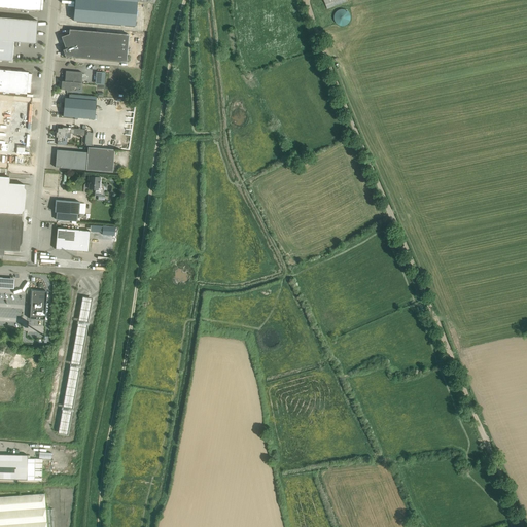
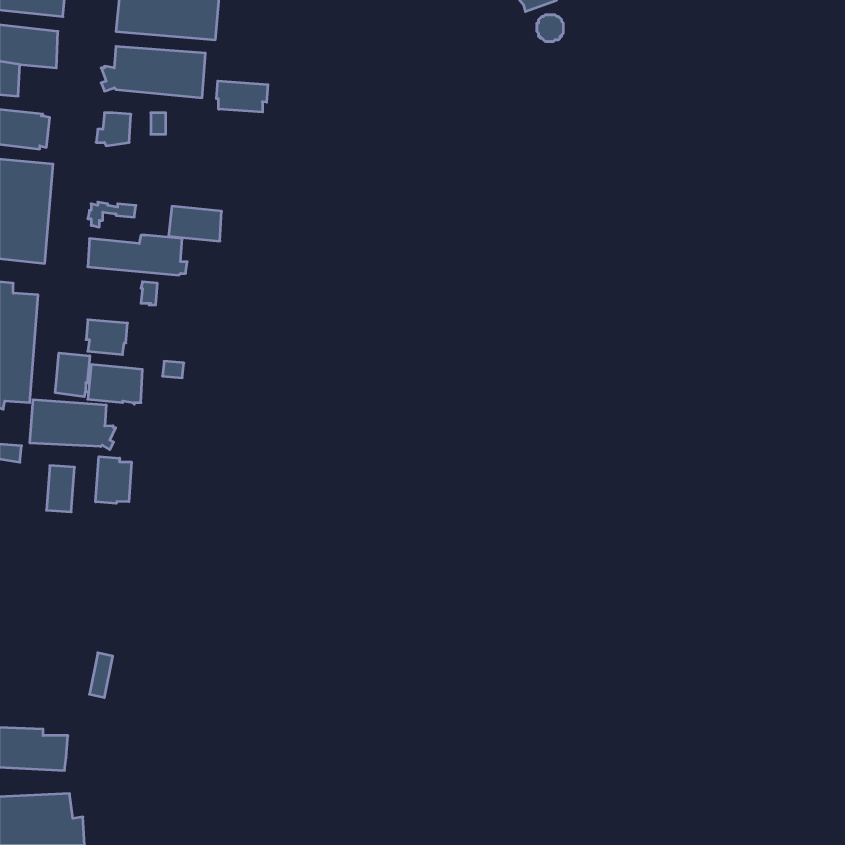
building: none -> [216,81,268,112]
building: [62,97,95,118] -> [169,206,222,241]
building: none -> [55,353,90,397]
building: none -> [30,400,116,450]
building: none -> [96,457,131,503]

